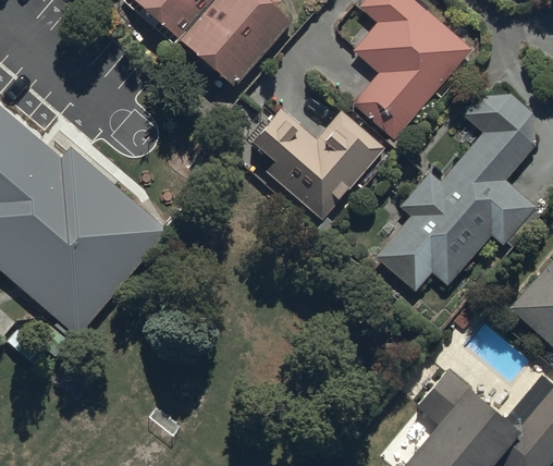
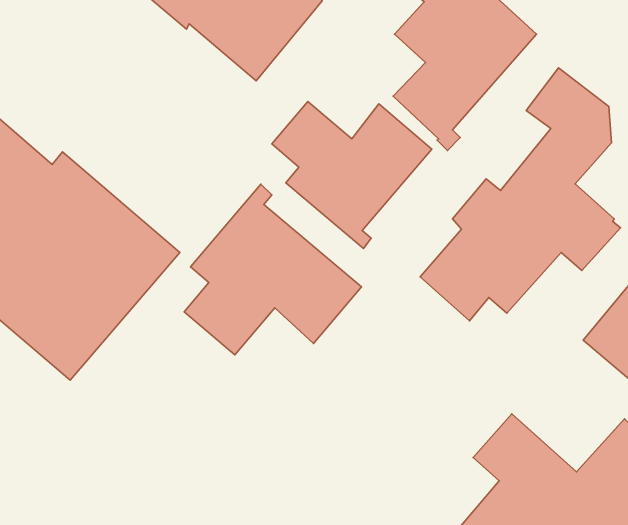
building: none -> [184,184,361,355]

